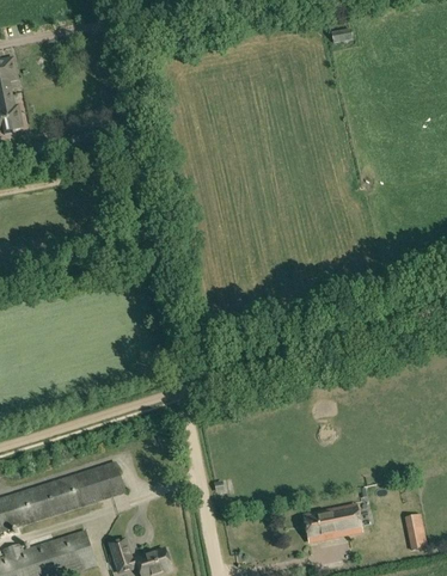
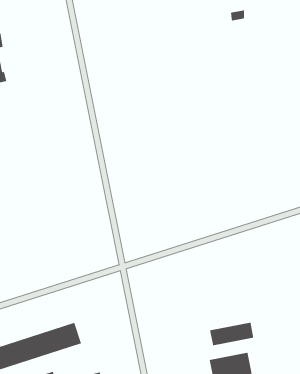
building: none -> [210,322,254,346]

